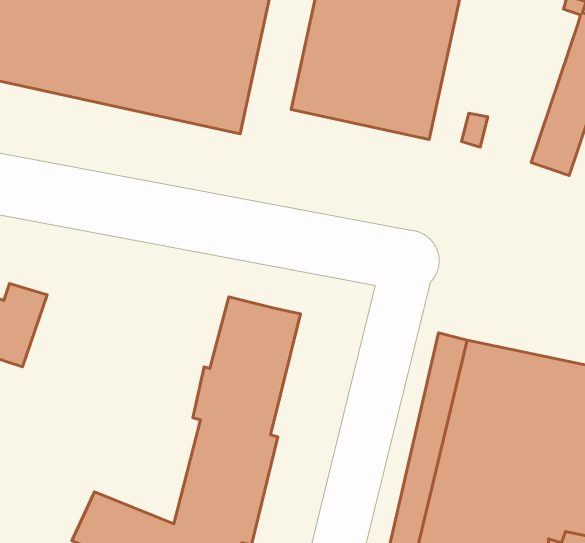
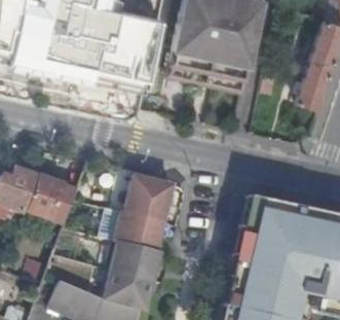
building: none -> [26,176,76,224]

